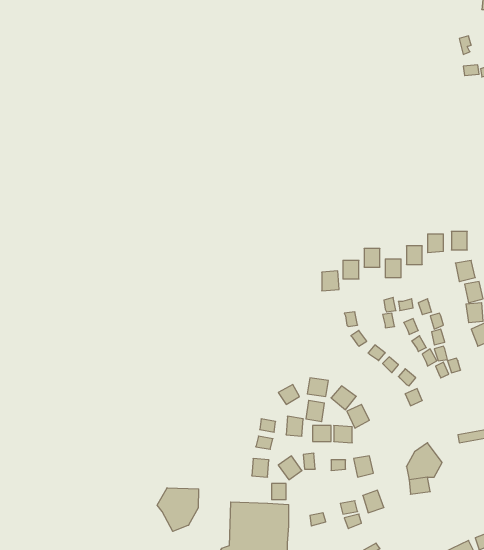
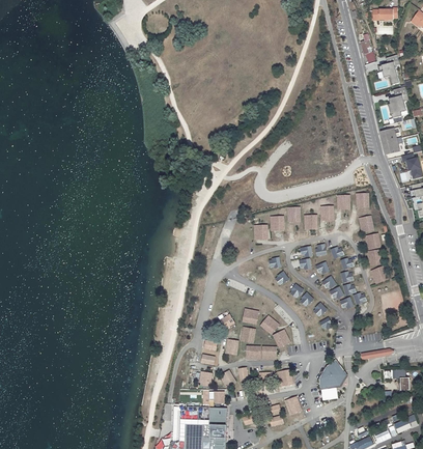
building: [157,488,199,531] -> none

